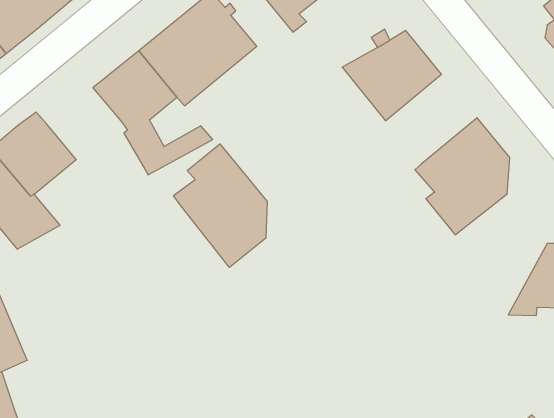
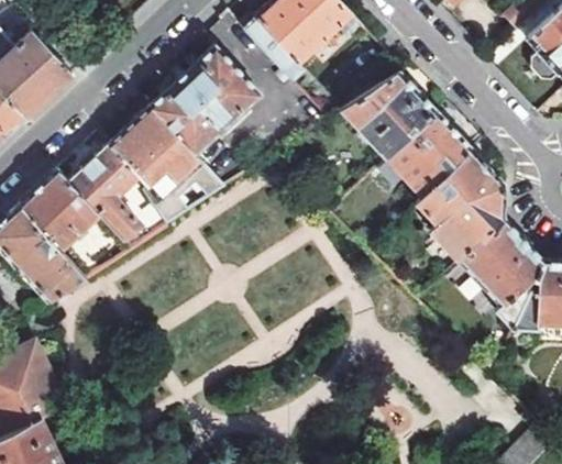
building: none -> [384,111,470,197]
building: none -> [67,146,139,240]
building: [173,144,267,267] -> none
building: none -> [456,219,543,332]

